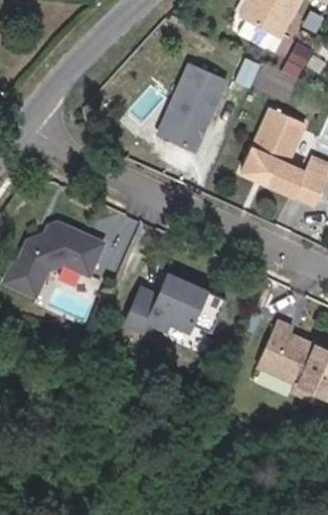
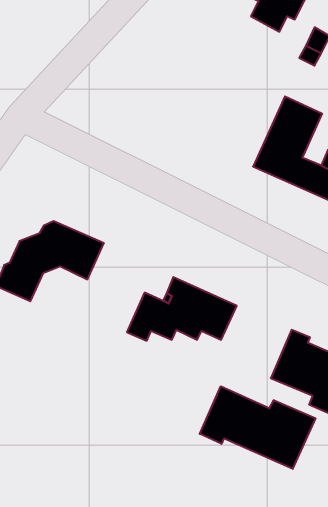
building: [158,64,226,151] -> none
building: none -> [200,386,315,469]

